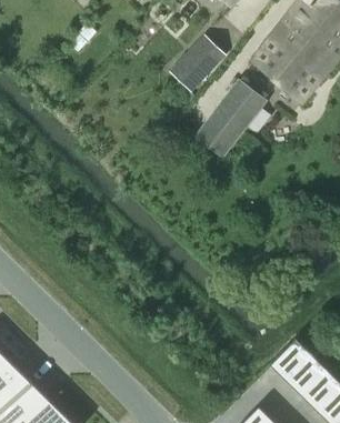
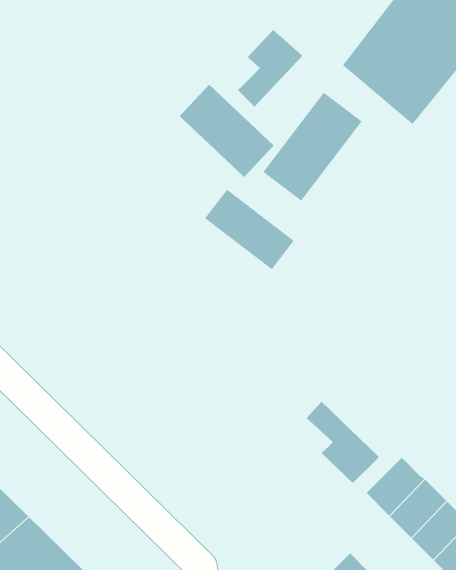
building: none -> [179,84,275,178]
building: none -> [204,189,295,270]
building: none -> [306,401,380,484]

